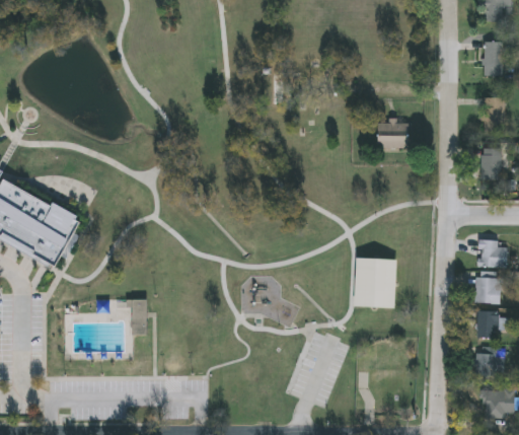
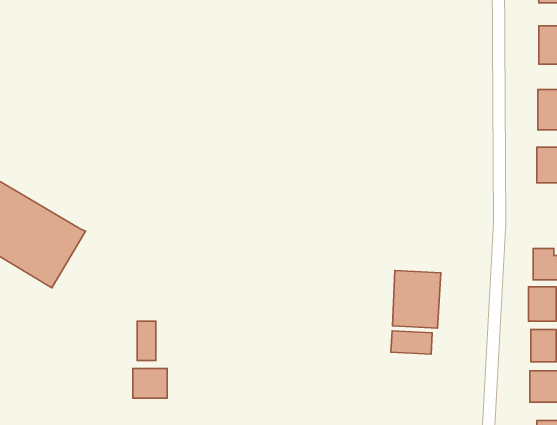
building: [378,123,409,149] -> none
building: none -> [391,331,432,354]
building: none -> [133,368,167,398]

